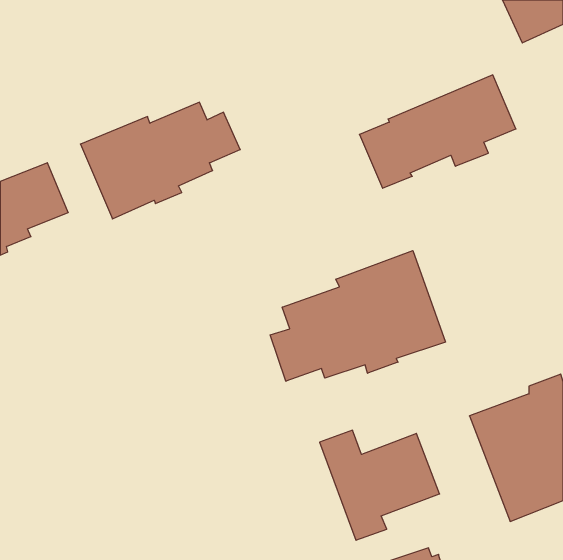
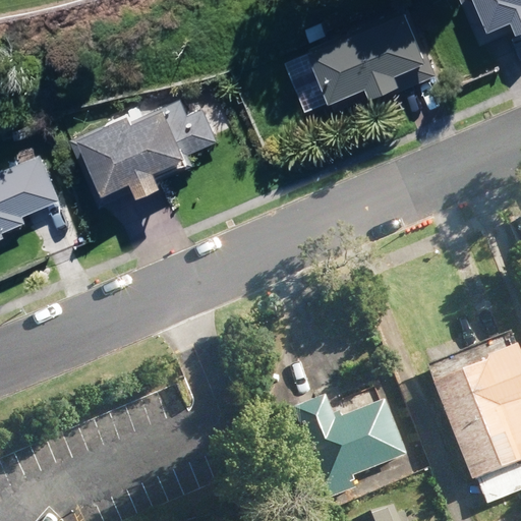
building: [359,75,516,188] -> [287,6,431,111]
building: [270,251,445,381] -> none

